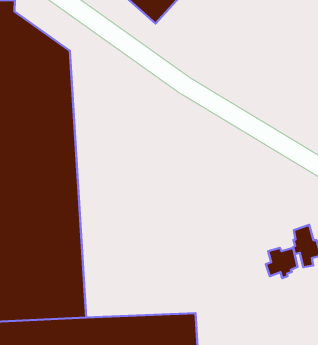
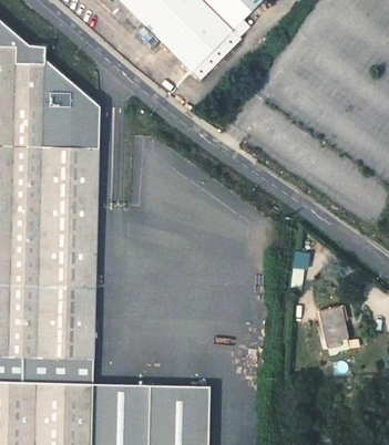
building: [266,248,298,278] -> none

